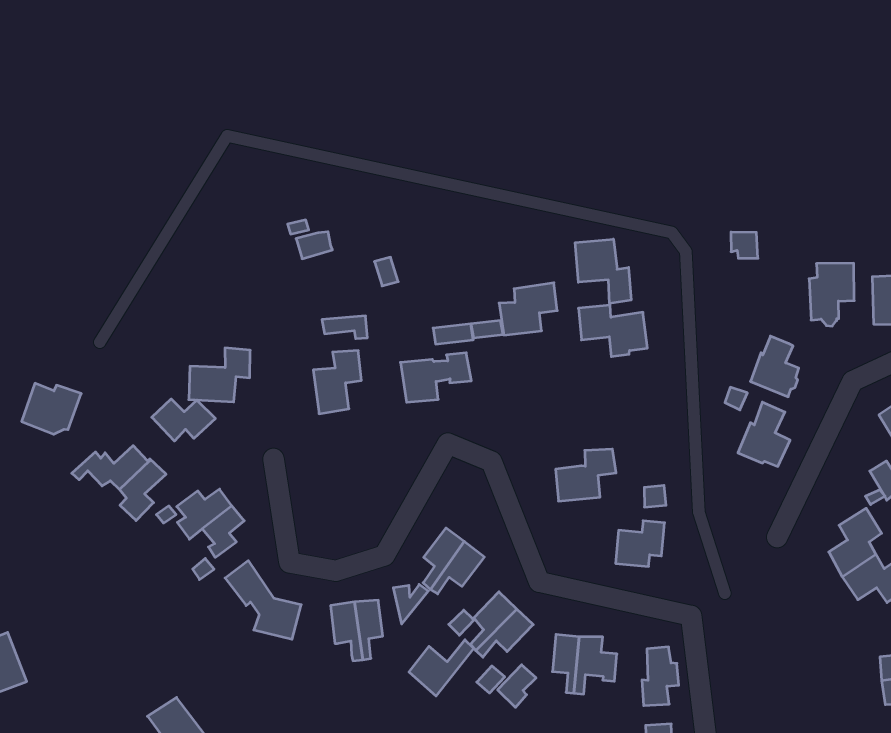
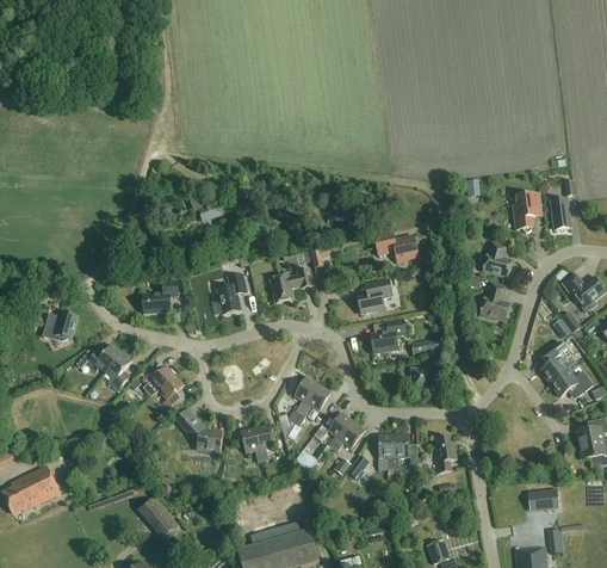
building: [575,239,631,303] -> none
building: [499,283,557,335] -> [357,278,392,313]
building: [152,399,215,441] -> none

